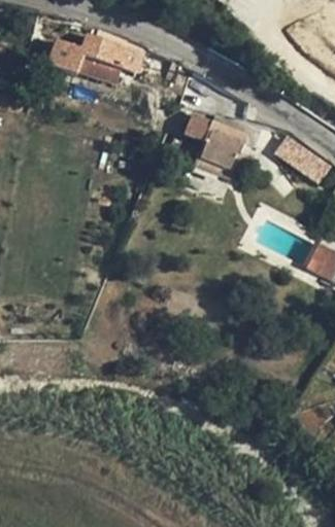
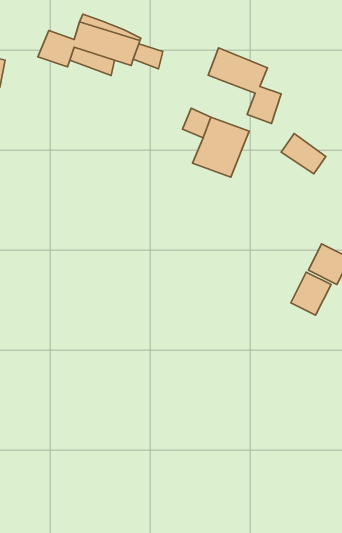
building: none -> [208,48,281,123]
building: none -> [291,272,331,315]

